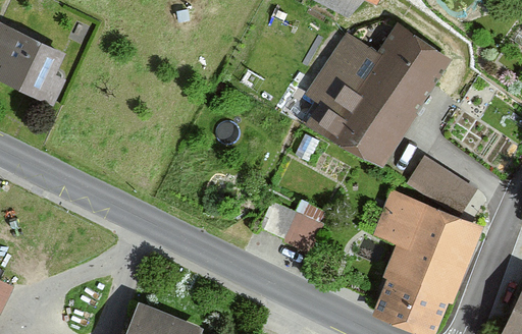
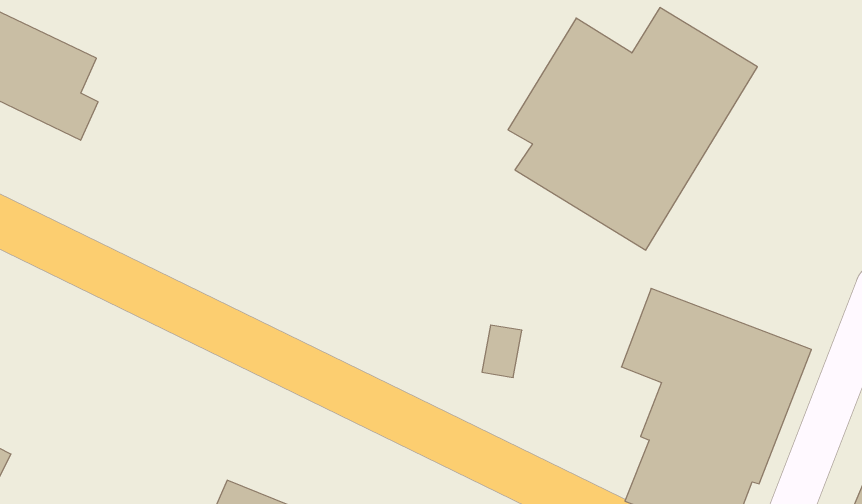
building: [406,157,476,216] -> none

